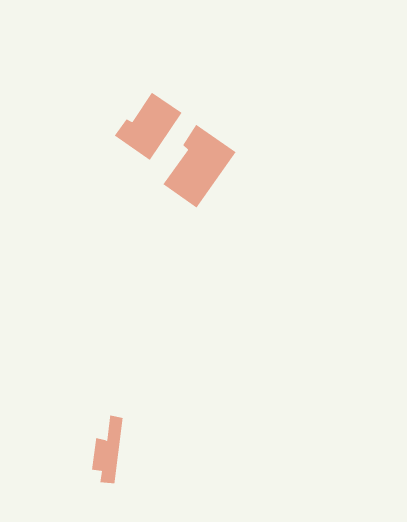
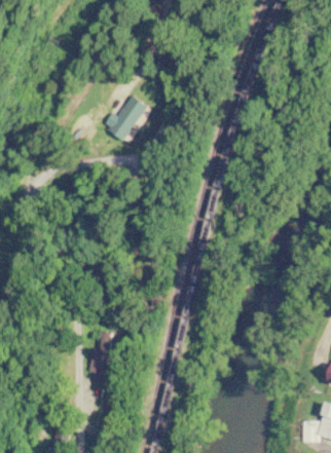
building: [163,124,237,208] -> none

